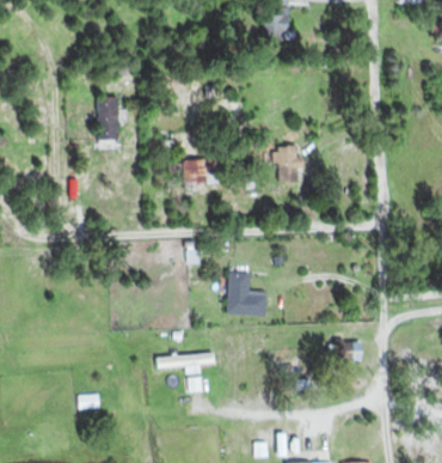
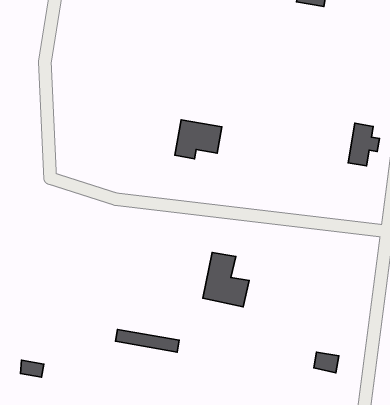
building: [98,97,119,141] -> none
building: [280,147,303,183] -> [348,123,379,166]

